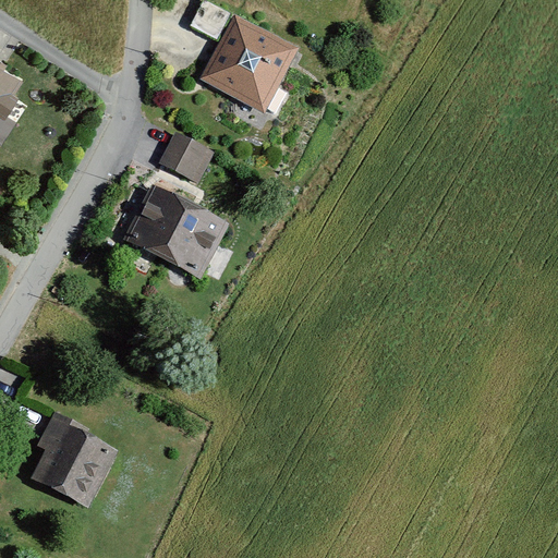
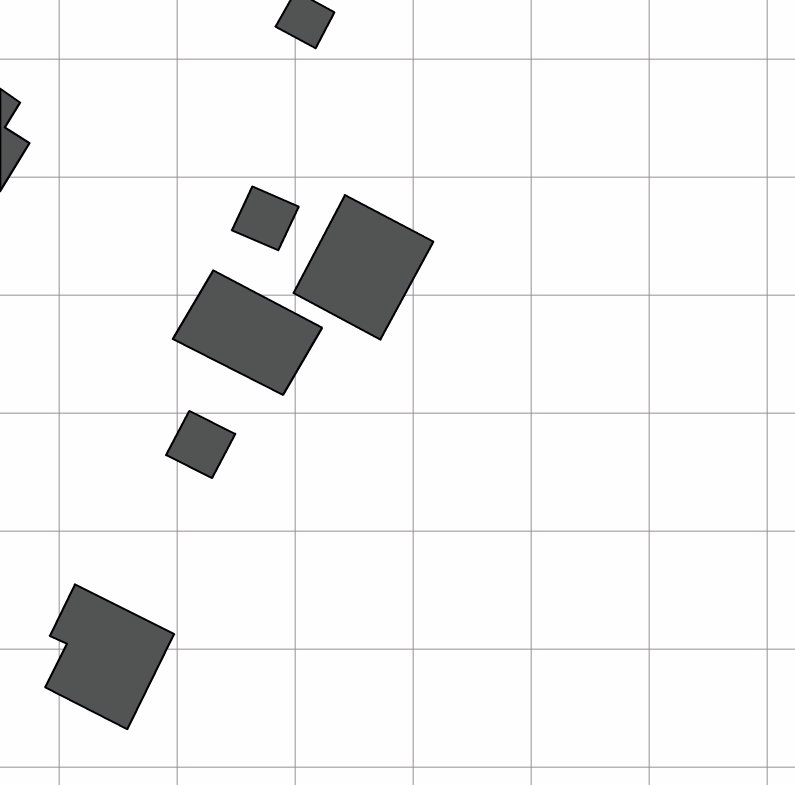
building: [198,13,296,114] -> [293,195,433,340]
building: none -> [166,411,235,478]

